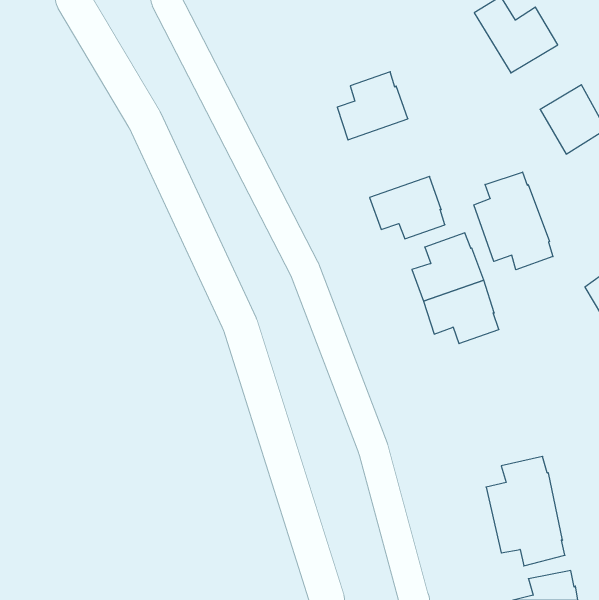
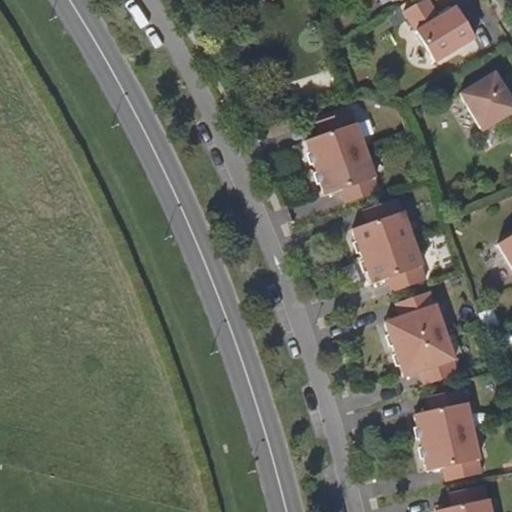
building: [337,72,408,140] -> [307,110,367,168]
building: [474,172,553,270] -> none
building: none -> [385,291,459,385]

